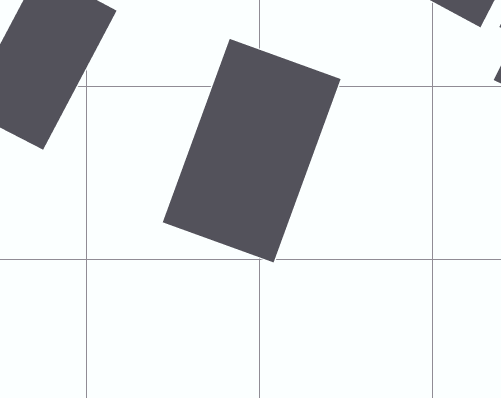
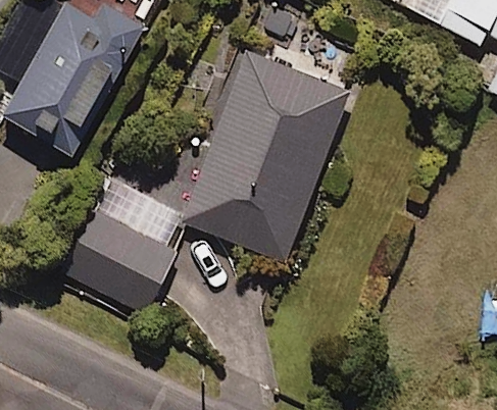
building: none -> [62,181,183,311]

